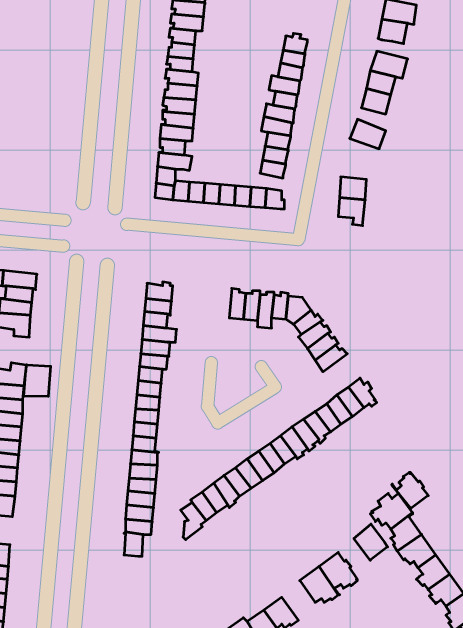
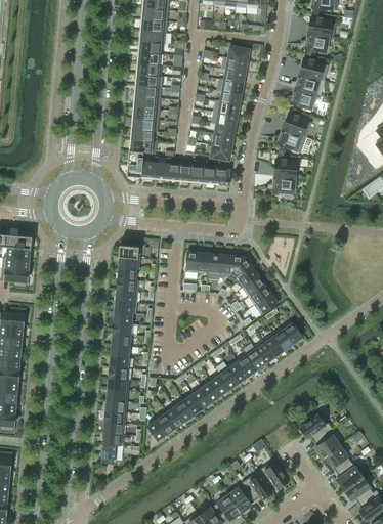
building: none -> [278,129,306,152]
building: [24,365,51,396] -> none
building: [392,472,428,509] -> none
building: [354,524,388,560] -> none
building: none -> [228,482,255,514]

